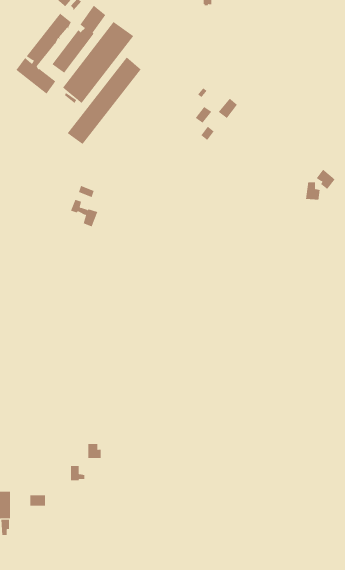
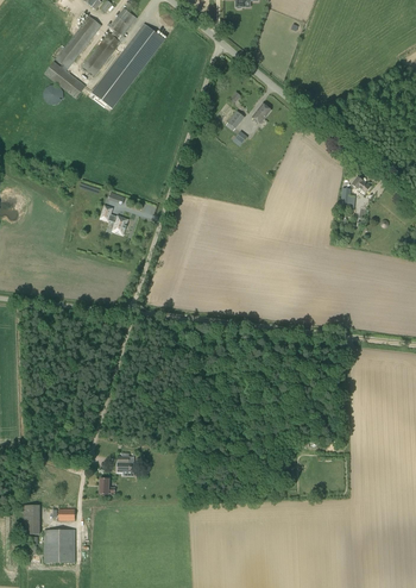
building: [67,56,142,145] -> none
building: none -> [44,530,75,562]

